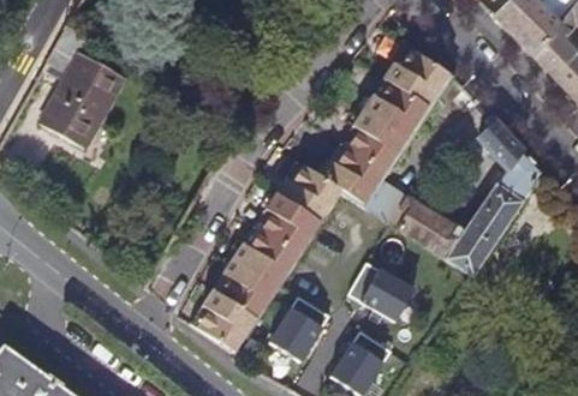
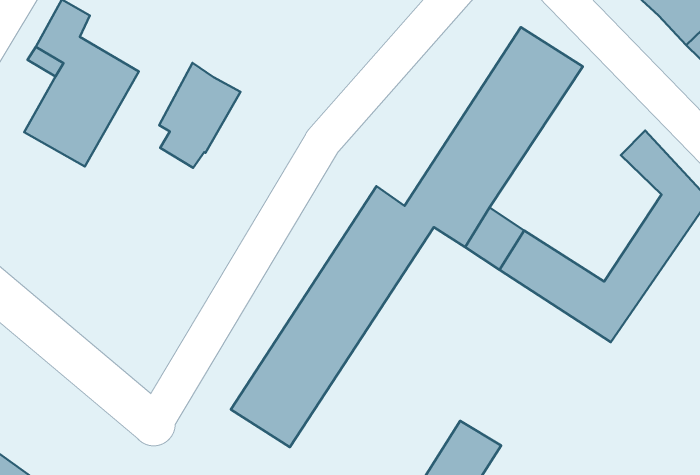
building: none -> [159,63,240,168]
building: [352,264,416,323] -> none
building: [270,296,330,362] -> none

